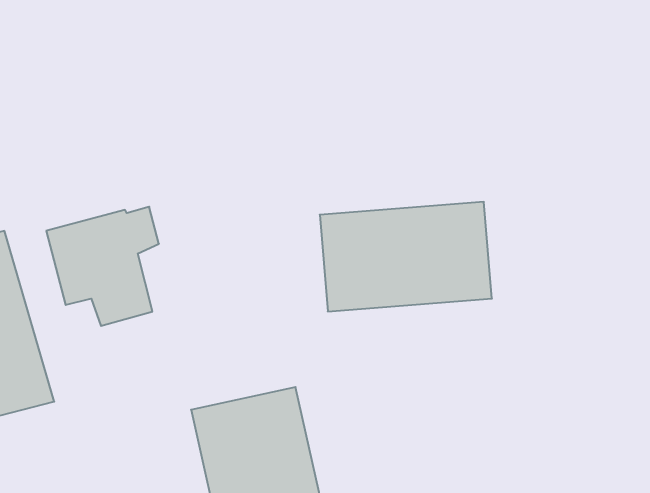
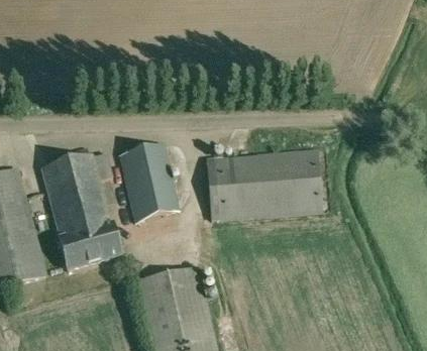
building: none -> [117,143,177,220]
building: none -> [52,210,119,269]

